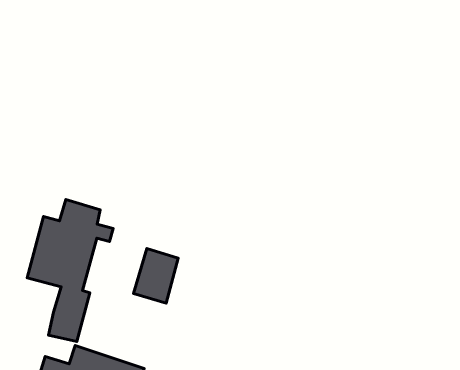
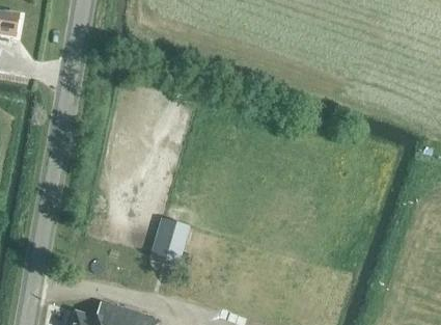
building: [27,200,113,341] -> none

